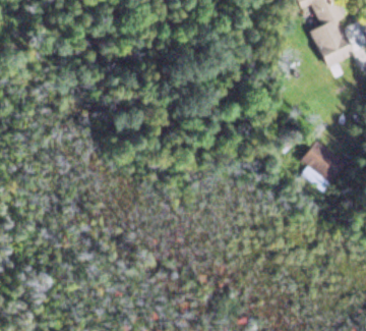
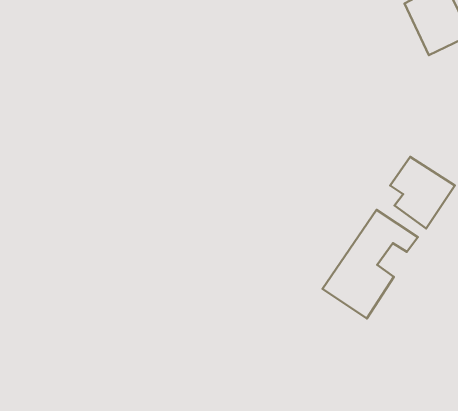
building: none -> [322,210,418,319]

